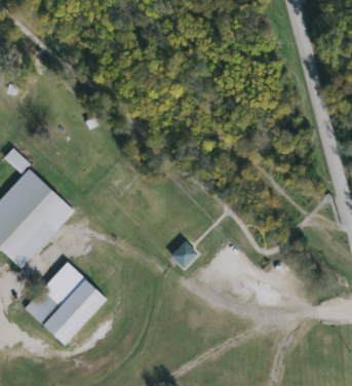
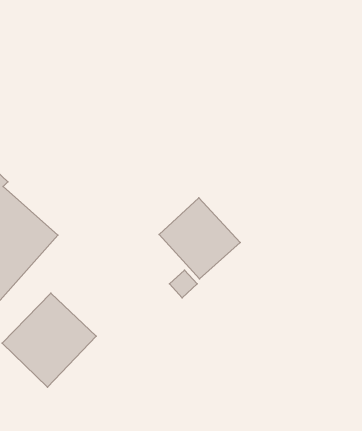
building: none -> [159,198,240,279]

